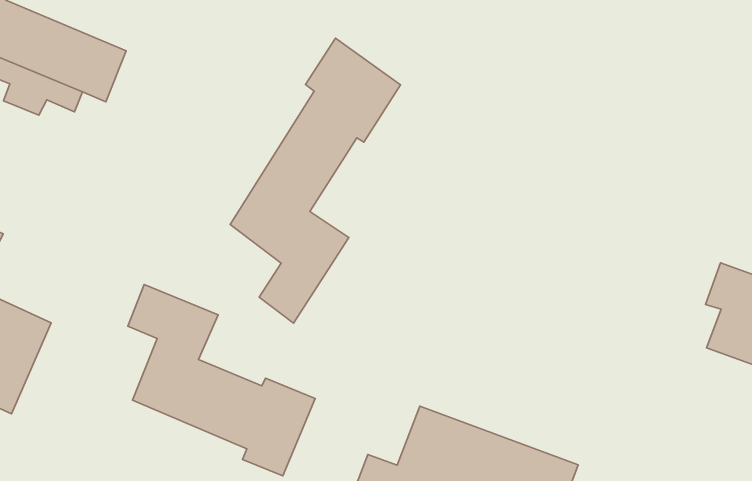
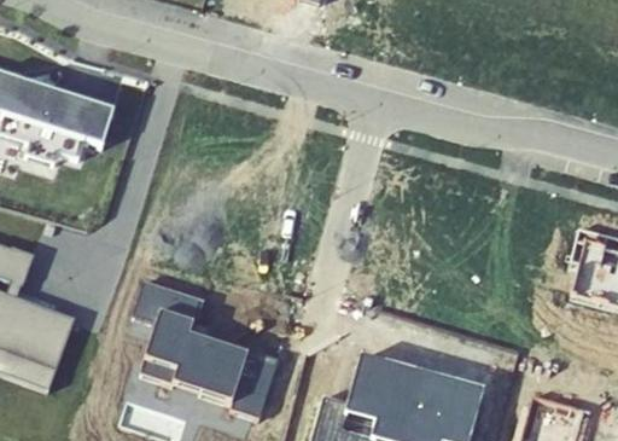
building: [230,38,401,323] -> none

